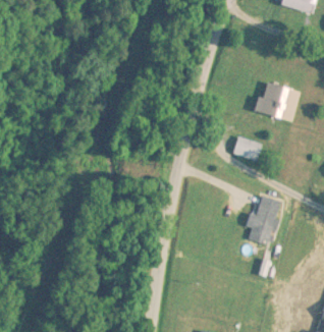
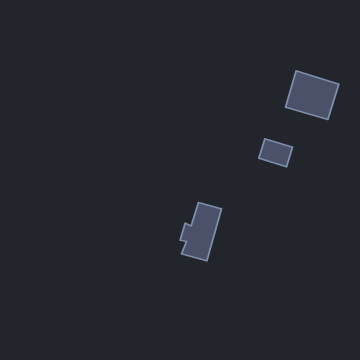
building: [247,196,281,244] -> [180,203,222,261]

